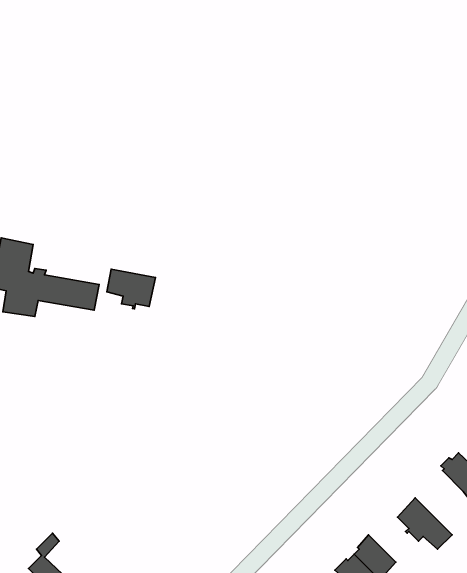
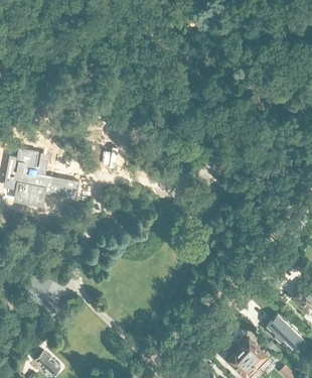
building: [107,269,156,309] -> none

